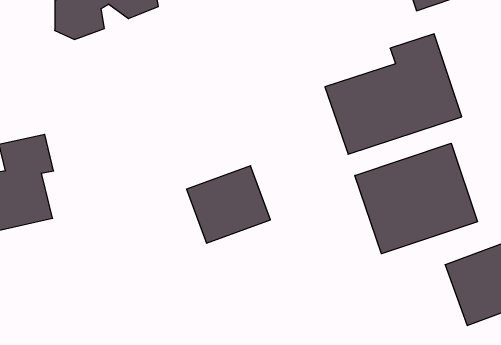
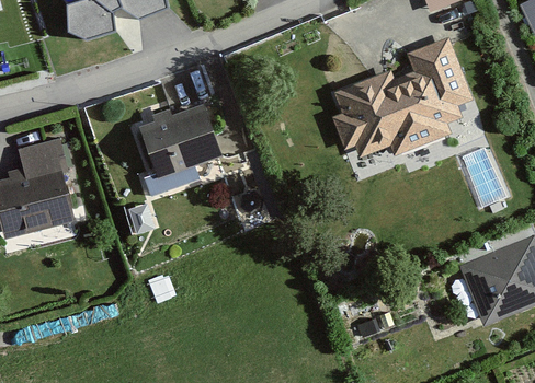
building: [355,143,478,254] -> none
building: [187,166,270,243] -> [134,104,217,181]

